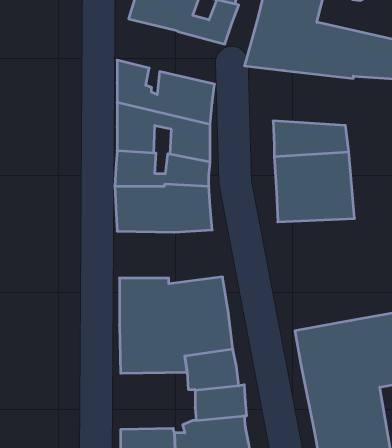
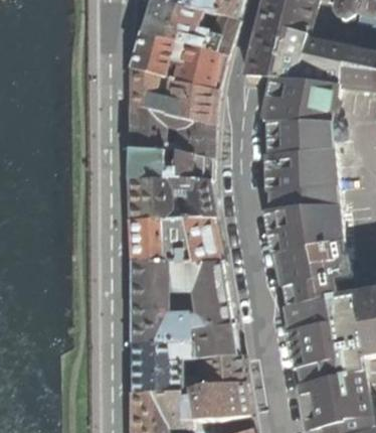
building: none -> [131,32,225,90]
building: none -> [267,78,338,126]
building: none -> [271,207,348,306]
building: none -> [131,218,223,265]
building: none -> [134,342,200,393]

